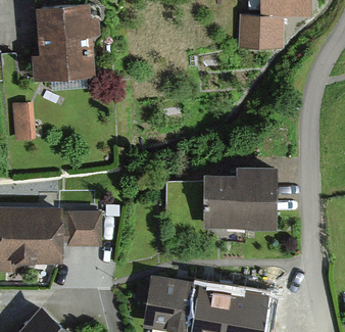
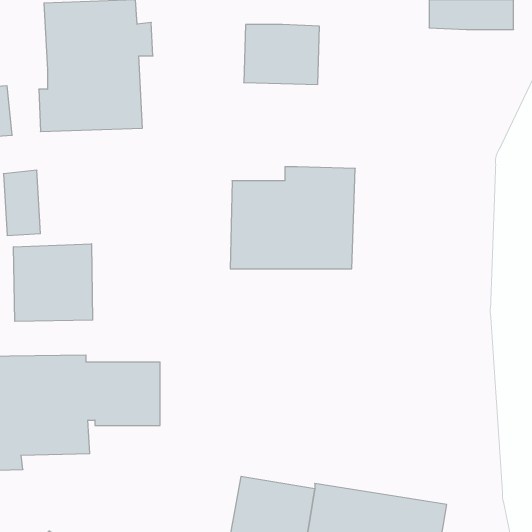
building: [238,16,282,51] -> [244,25,319,84]
building: none -> [14,244,93,321]
building: [204,170,277,229] -> [230,167,355,269]

